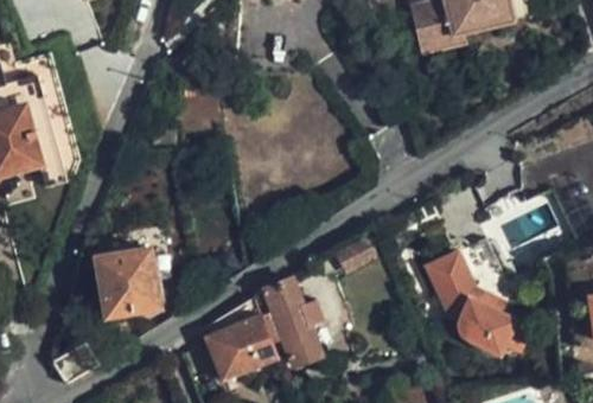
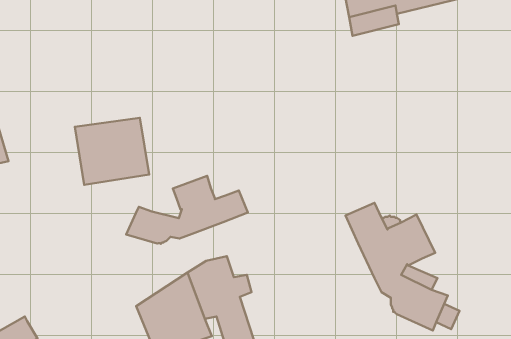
building: none -> [126,176,248,244]
building: [85,251,161,320] -> [75,118,149,185]

